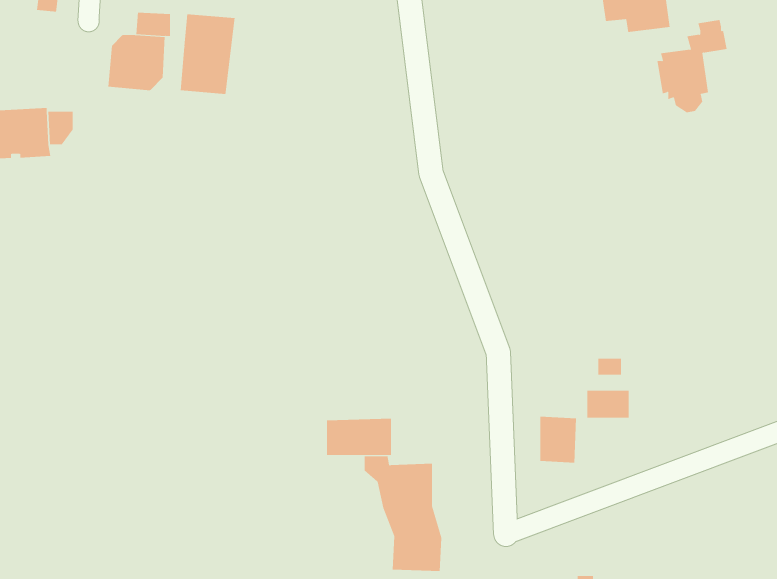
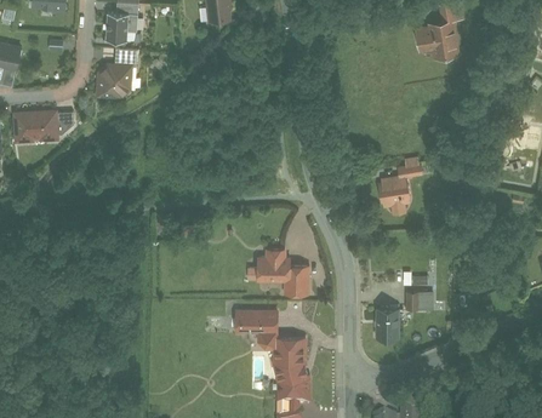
building: [180,13,235,95] -> none
building: [656,19,728,113] -> [376,155,422,216]
building: none -> [245,246,309,296]

